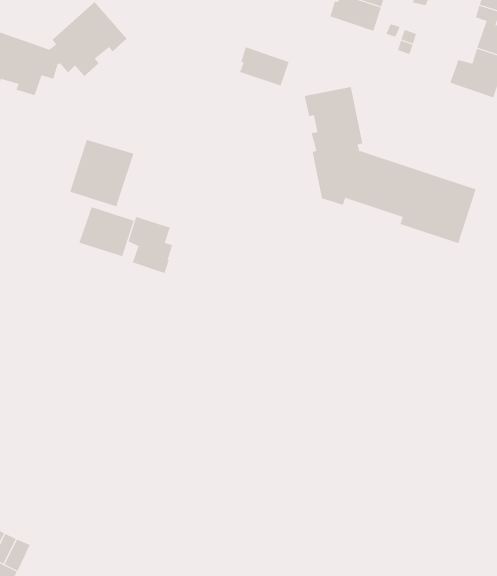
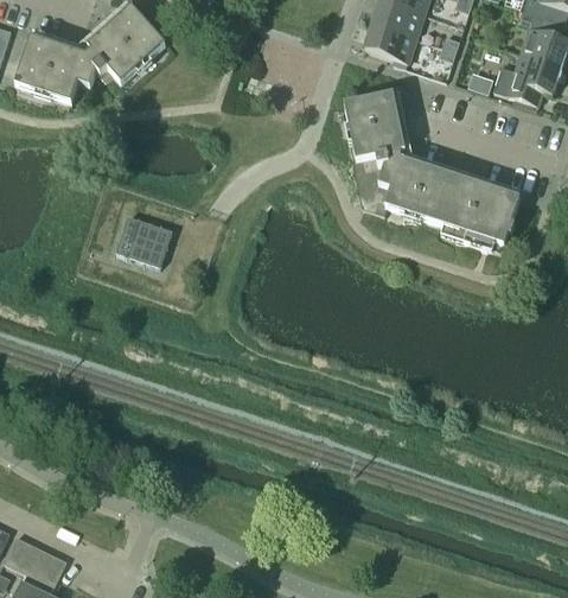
building: [239,47,289,86] -> [365,20,416,61]
building: [70,139,134,207] -> none
building: [128,216,173,274] -> none

